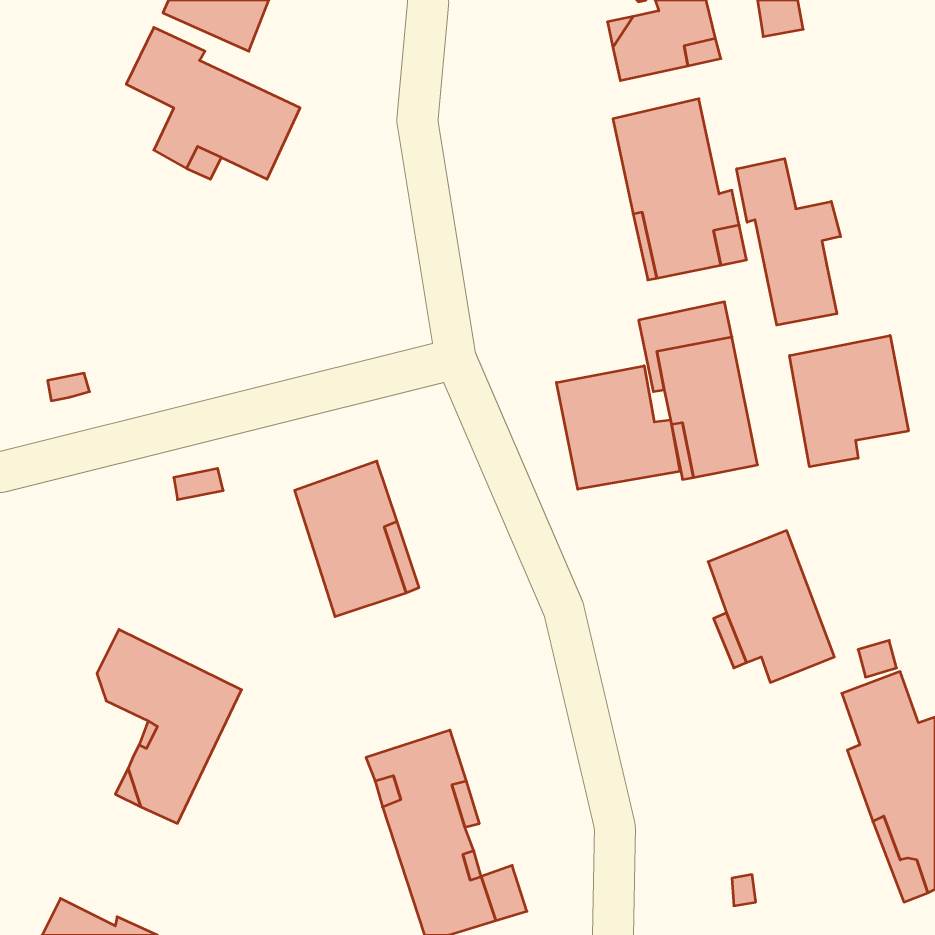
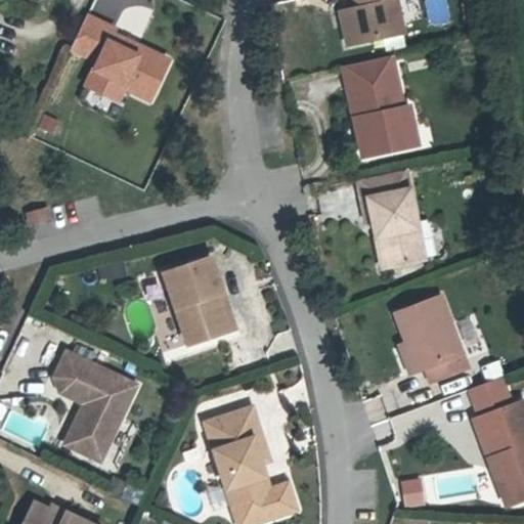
building: [737,159,841,325] -> none
building: [790,335,908,467] -> none
building: [556,366,680,489] -> none

